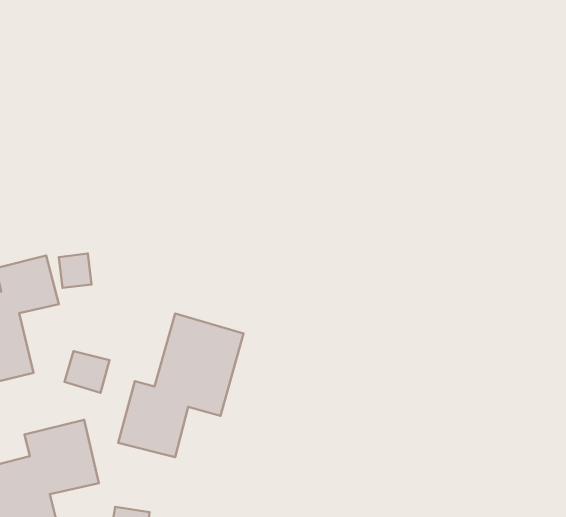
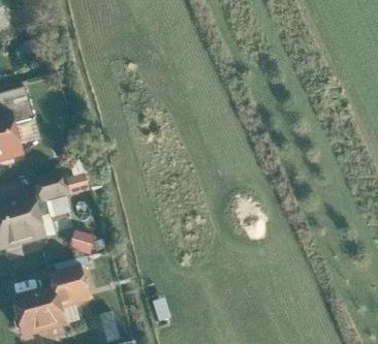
building: [118,313,244,457] -> none

